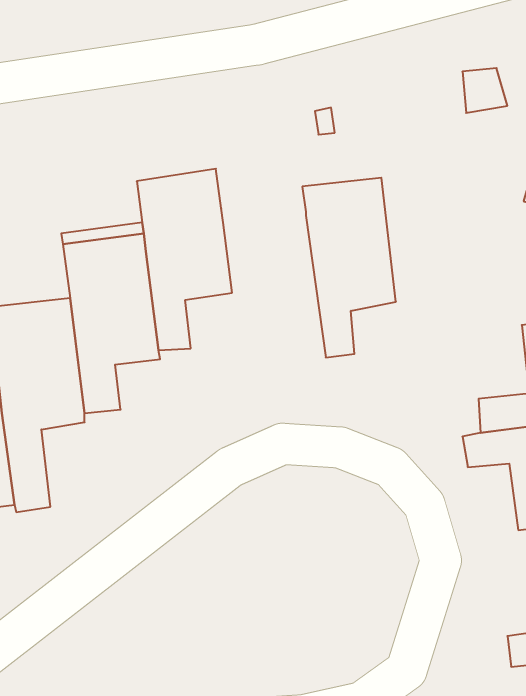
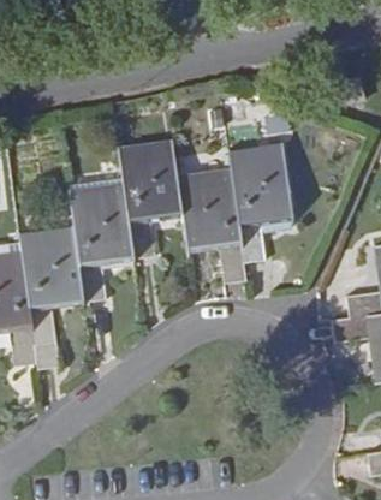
building: none -> [175,169,246,285]

